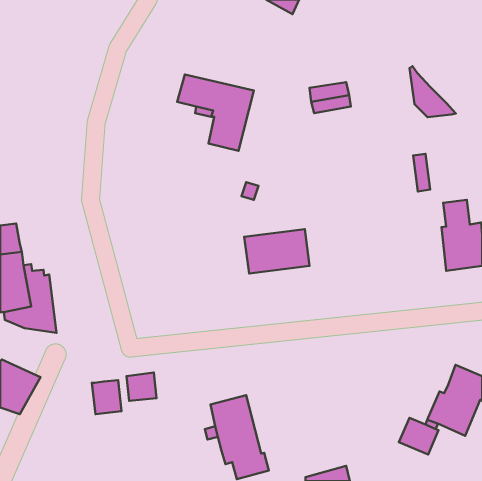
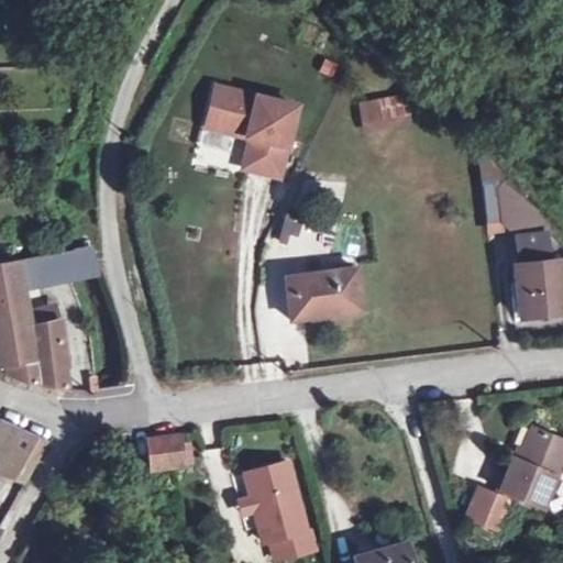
building: [410,66,456,117] -> [496,177,550,236]
building: none -> [19,245,97,285]
building: [92,380,122,414] -> none

